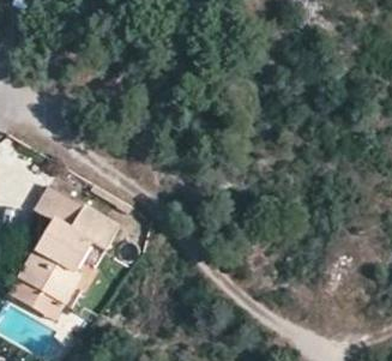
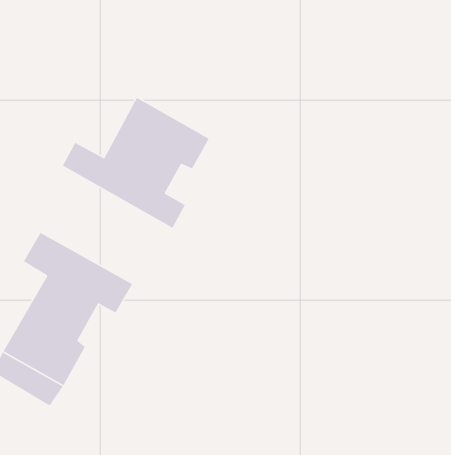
building: none -> [62,97,210,229]

